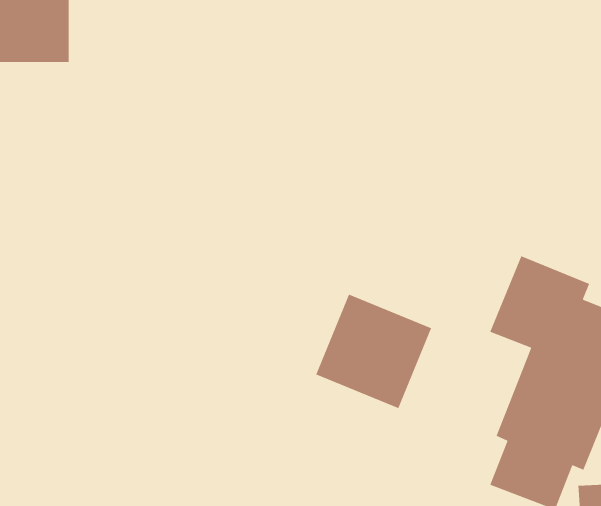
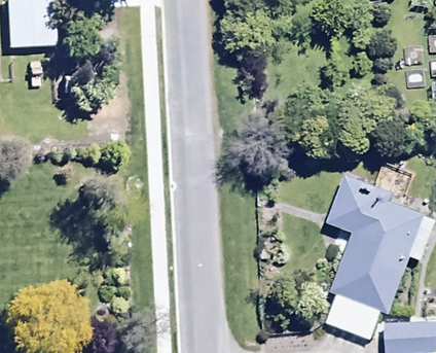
building: [315,294,432,409] -> none

